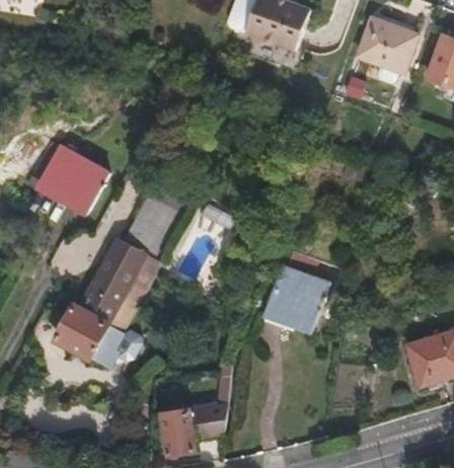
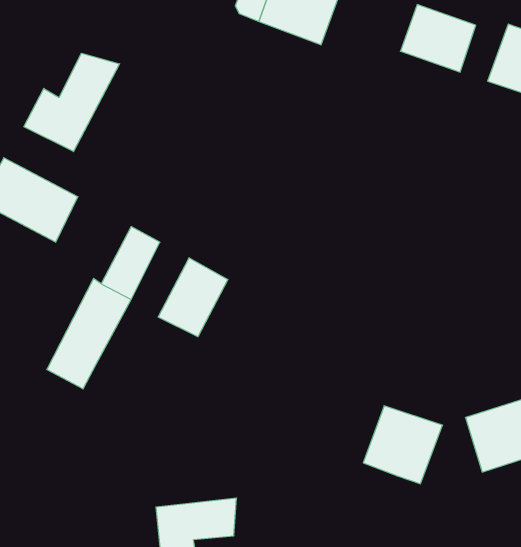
building: none -> [24,53,120,152]
building: none -> [158,258,228,337]
building: [266,267,327,328] -> [363,406,443,484]
building: [57,302,132,365] -> none

